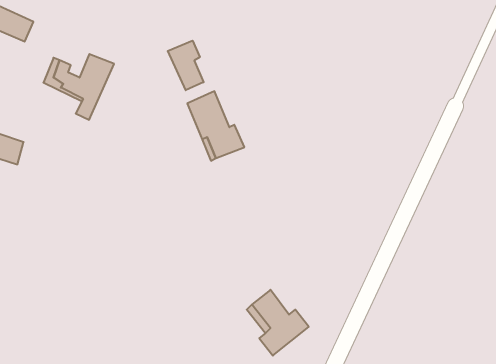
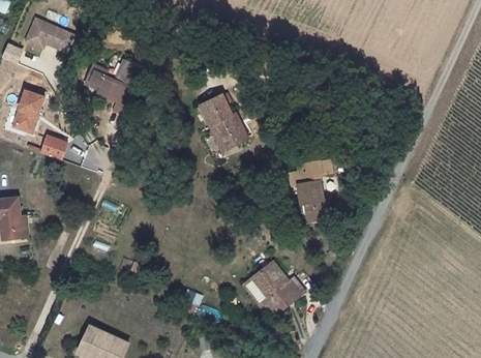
building: [168,41,204,90] -> none
building: none -> [292,158,336,223]

